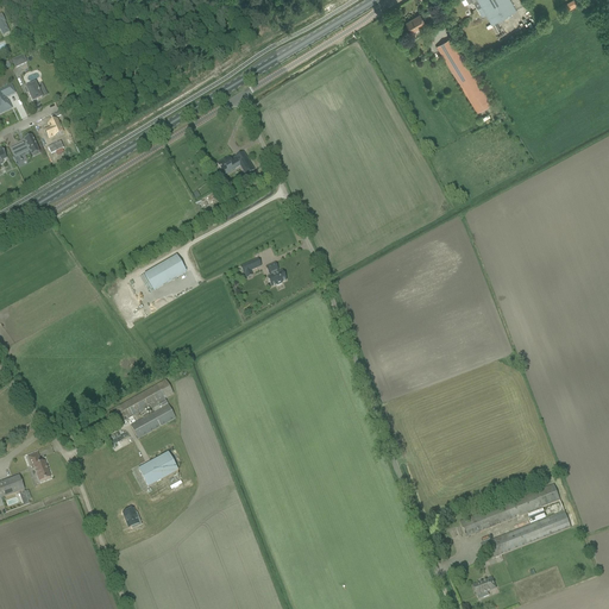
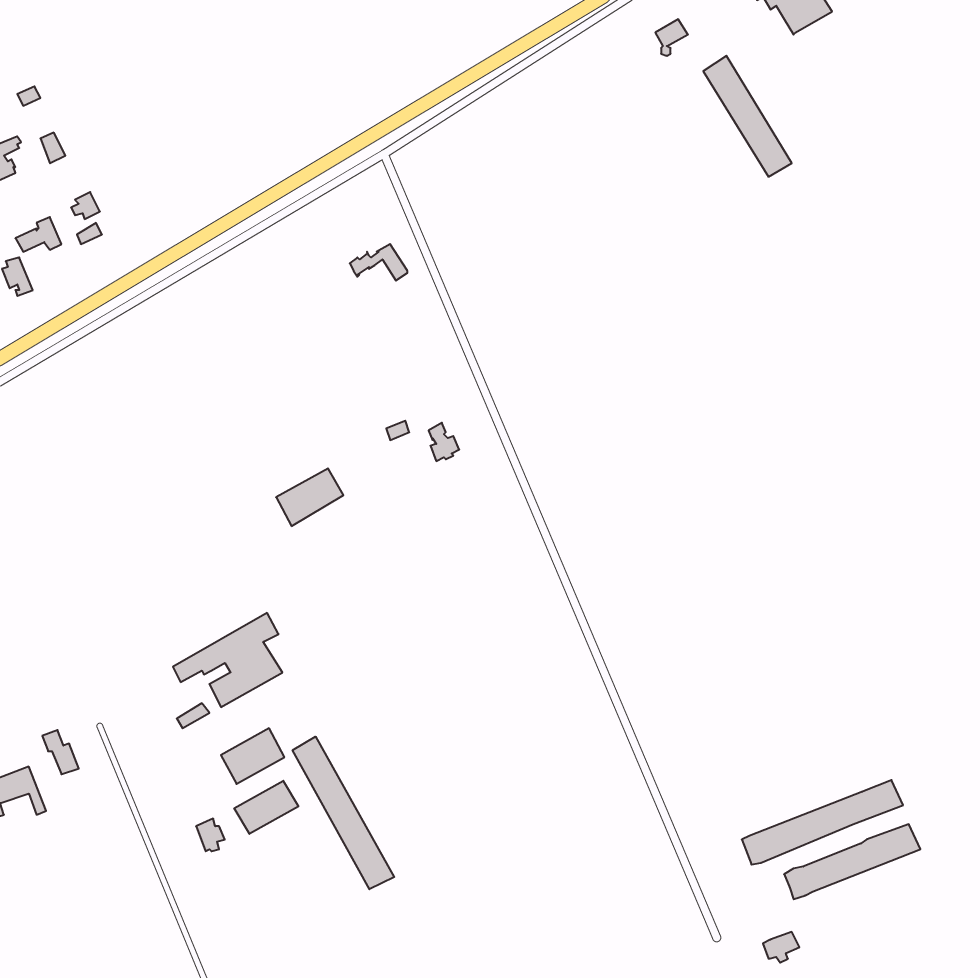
building: [143,255,184,290] -> [276,468,343,526]
building: none -> [293,737,394,889]
building: none -> [234,781,298,834]

